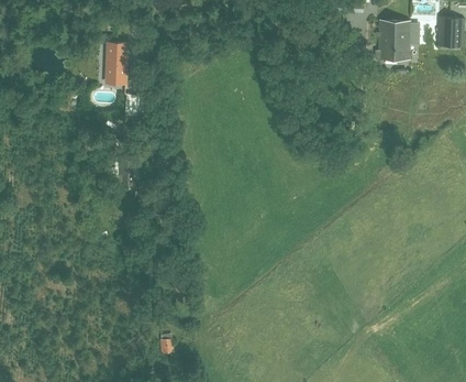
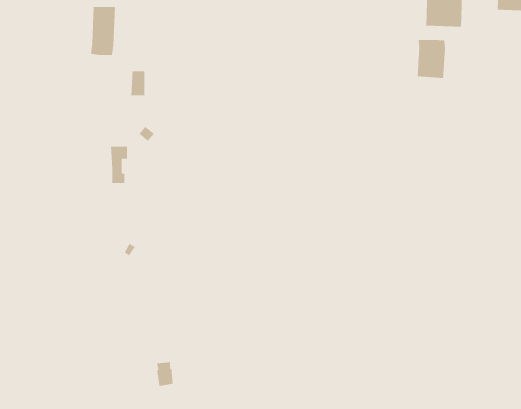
building: none -> [417,39,446,79]

